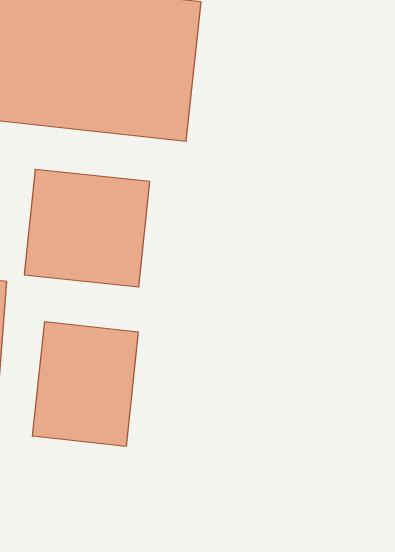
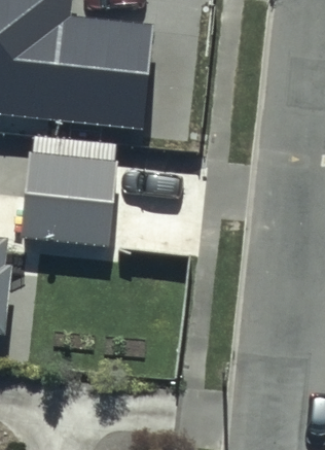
building: [33,322,138,446] -> none

